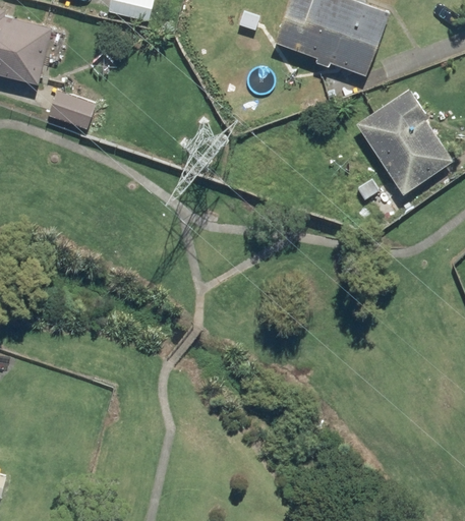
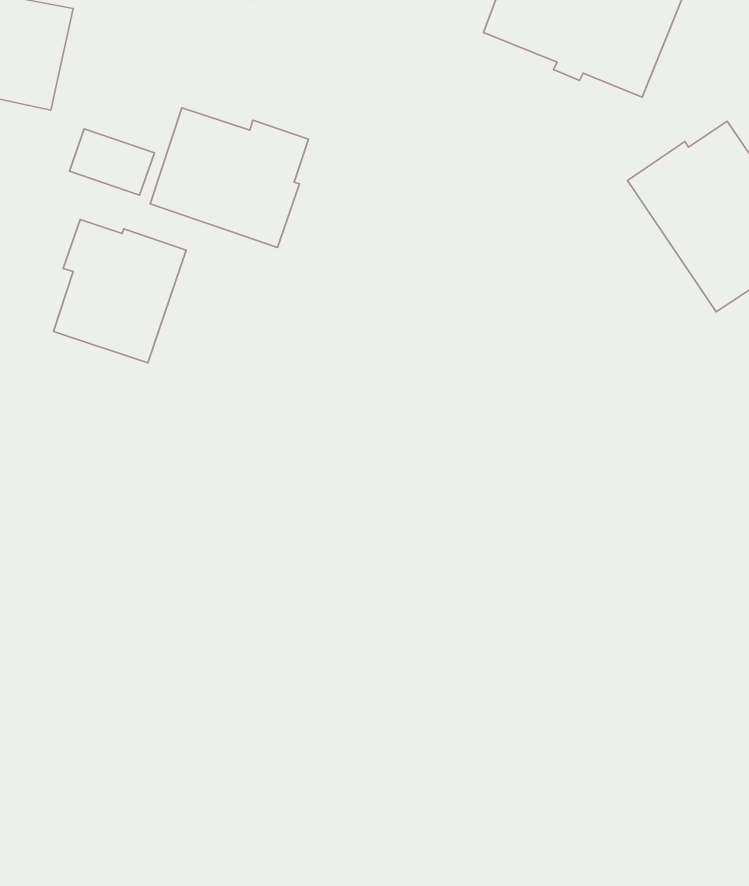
building: none -> [150,108,308,247]
building: none -> [54,219,186,363]

